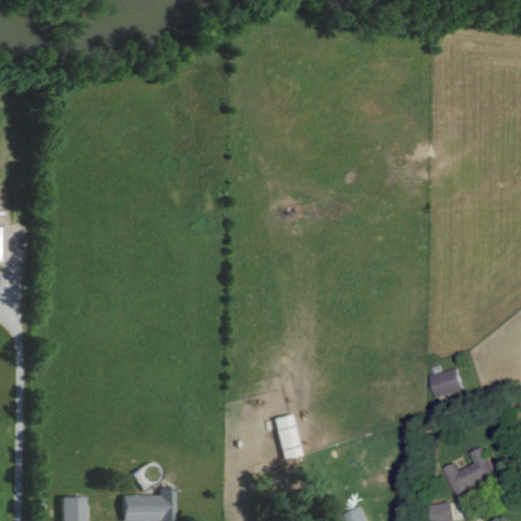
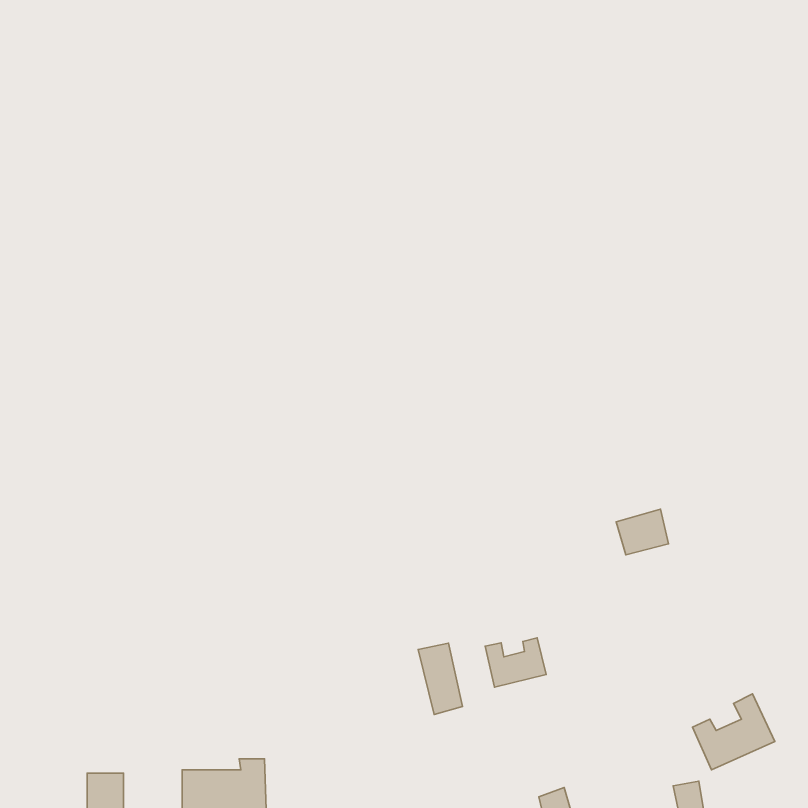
building: [431,368,465,398] -> [616,509,668,555]
building: none -> [485,638,546,687]

